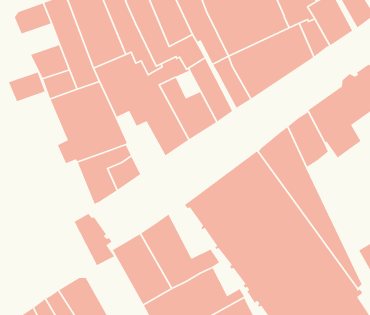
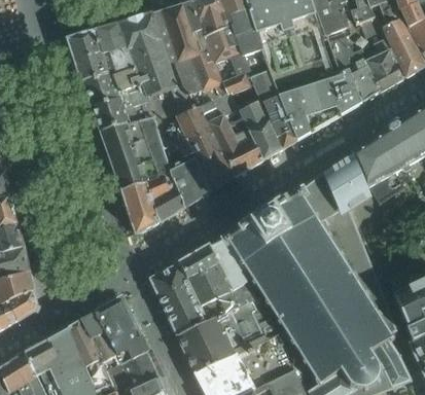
building: [8,71,46,102] -> [75,51,112,80]
building: none -> [172,154,209,206]
building: [74,213,116,266] -> [209,239,248,291]

